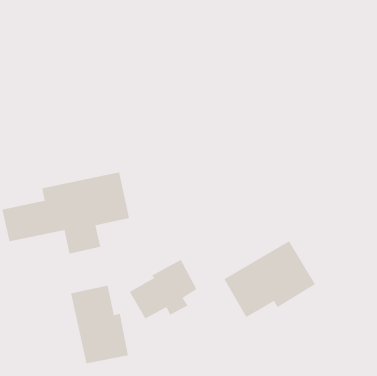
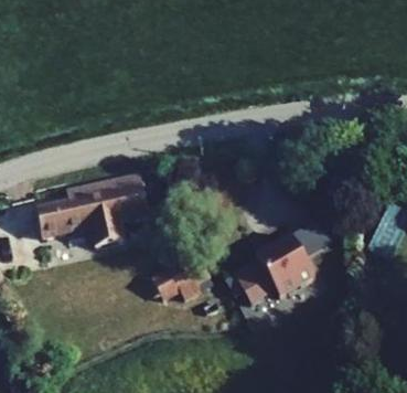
building: [71,285,128,364] -> none

